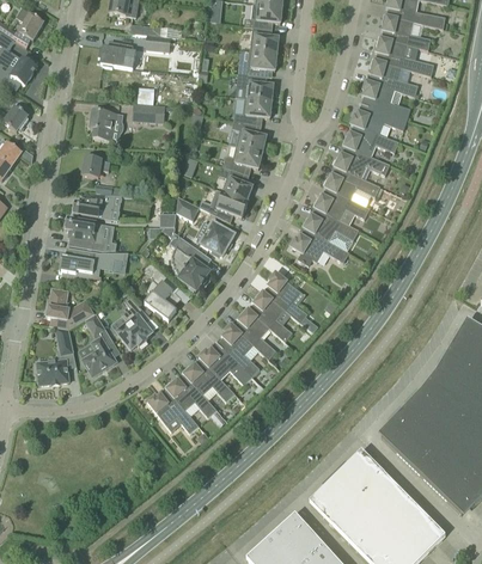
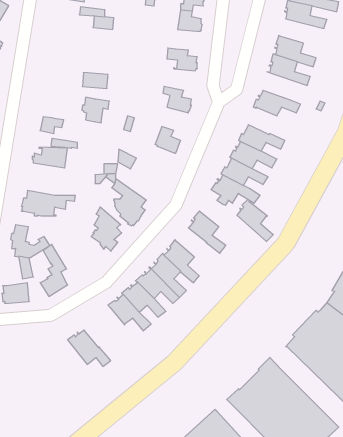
building: [374,36,433,75] -> none
building: [97,42,135,68] -> none
building: [246,50,277,75] -> none
building: [232,98,271,124] -> none
building: [349,102,407,134] -> none
building: [87,109,121,140] -> [82,97,109,123]
building: [222,145,262,173] -> none
building: [332,145,389,178] -> none
building: [209,189,248,220] -> none
building: [63,217,104,250] -> none
building: [200,221,233,255] -> none
building: [248,289,292,341] -> [237,199,273,242]
building: [116,296,152,349] -> none
building: [146,388,199,433] -> [68,330,111,366]

